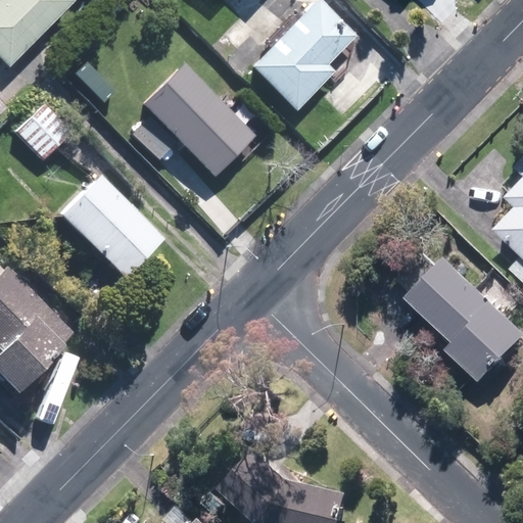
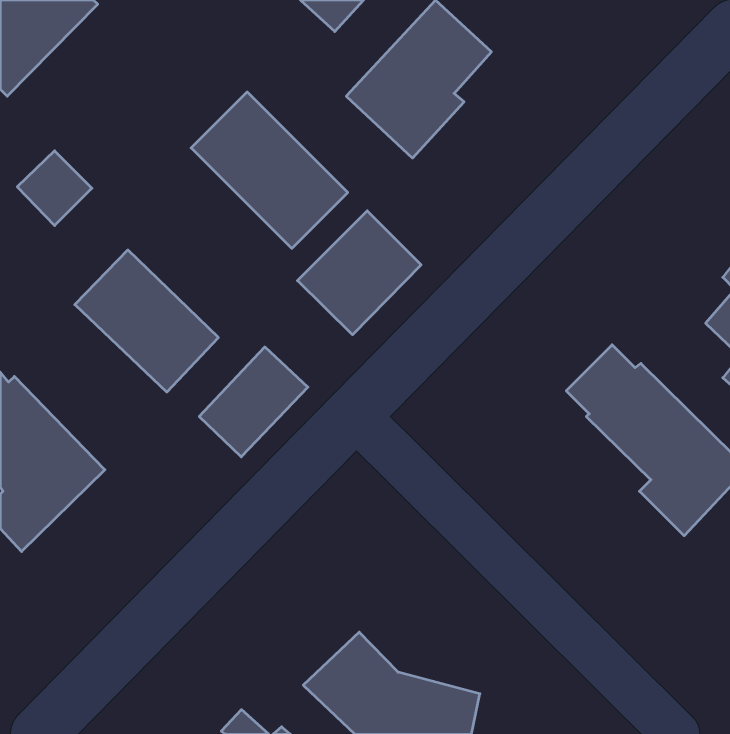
building: none -> [297,211,421,335]
building: none -> [199,347,308,457]

